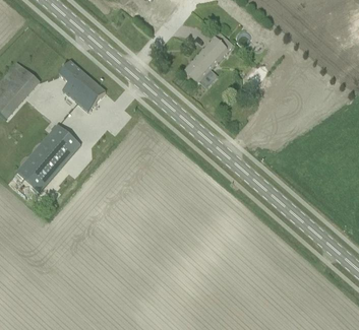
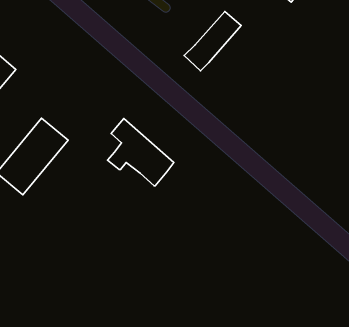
building: [57,59,115,118] -> [108,119,174,186]

